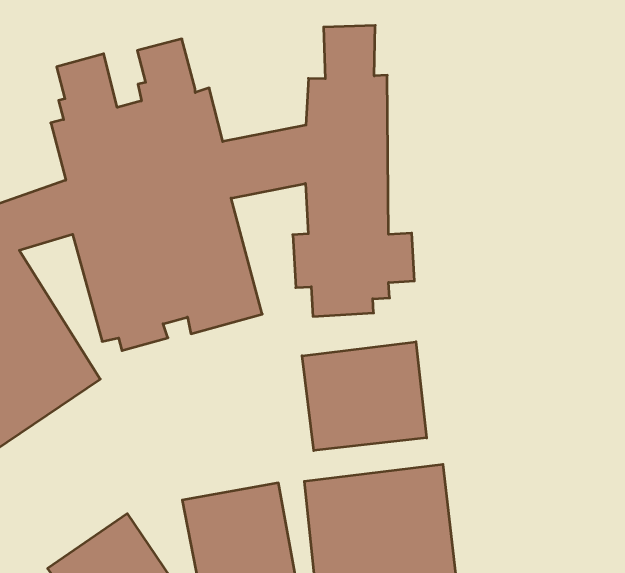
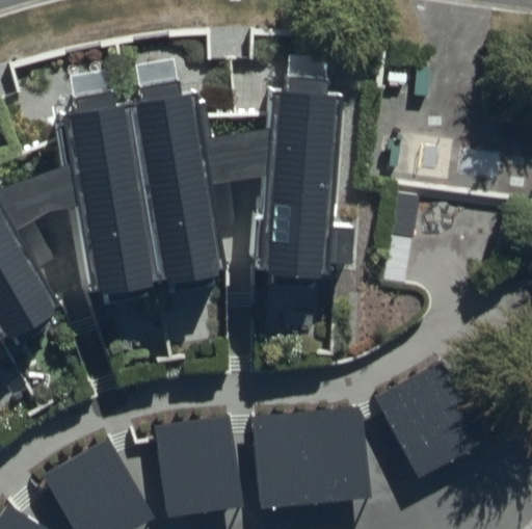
building: [302,342,427,451] -> none
building: none -> [374,362,484,480]

